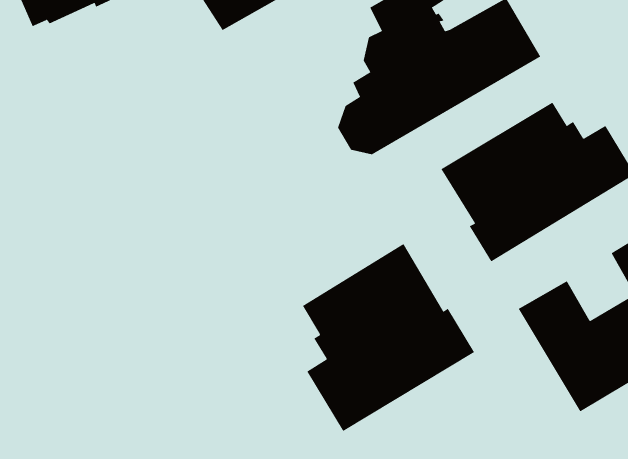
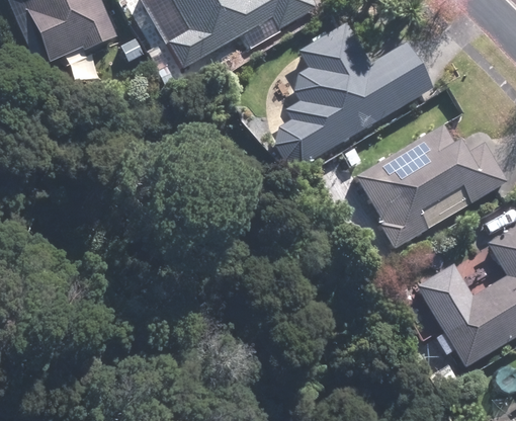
building: [302,243,475,432] -> none

